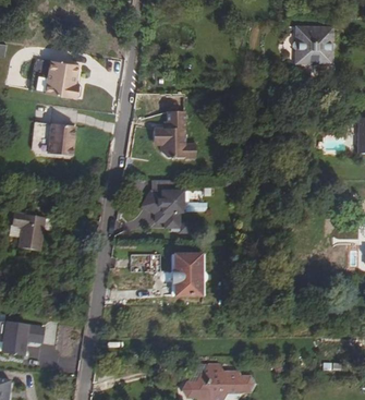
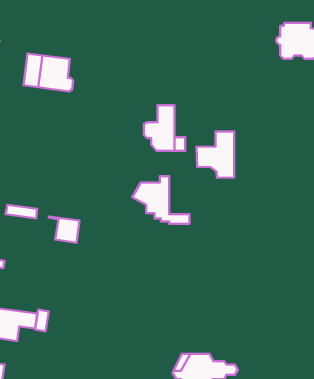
building: [34,122,76,156] -> none
building: none -> [197,131,234,178]
building: [12,223,44,251] -> [49,216,80,243]
building: [175,253,203,295] -> none

